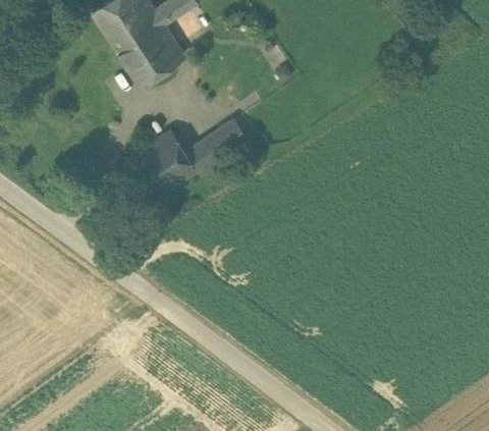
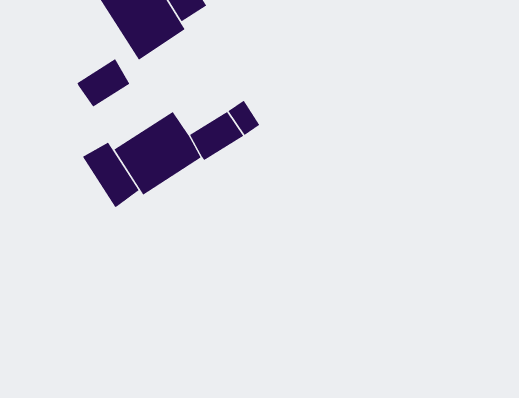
building: none -> [76,58,130,107]
building: none -> [82,142,140,208]

